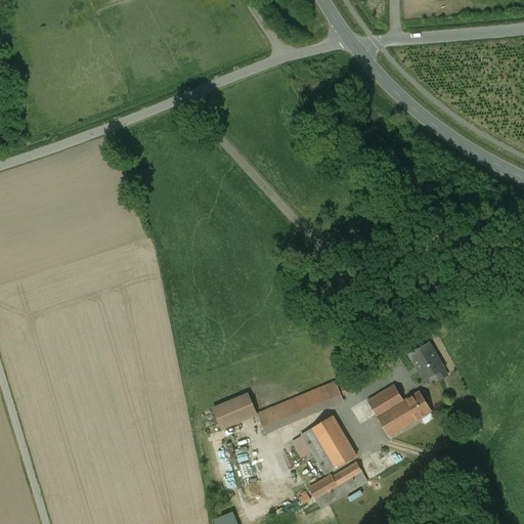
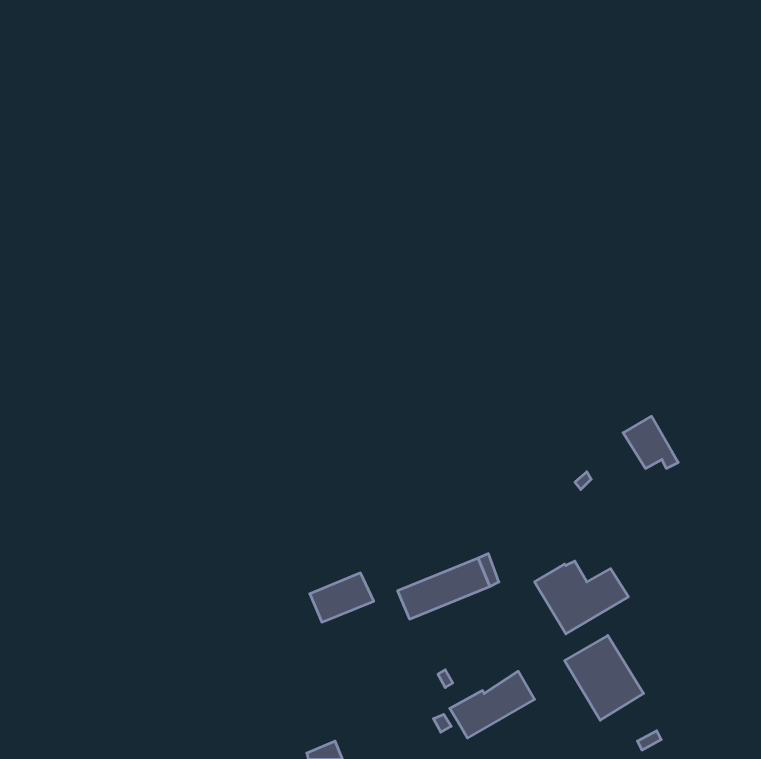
building: [409,343,447,379] -> [623,416,678,468]
building: [257,406,281,433] -> none
building: [302,416,356,474] -> [565,635,644,720]

